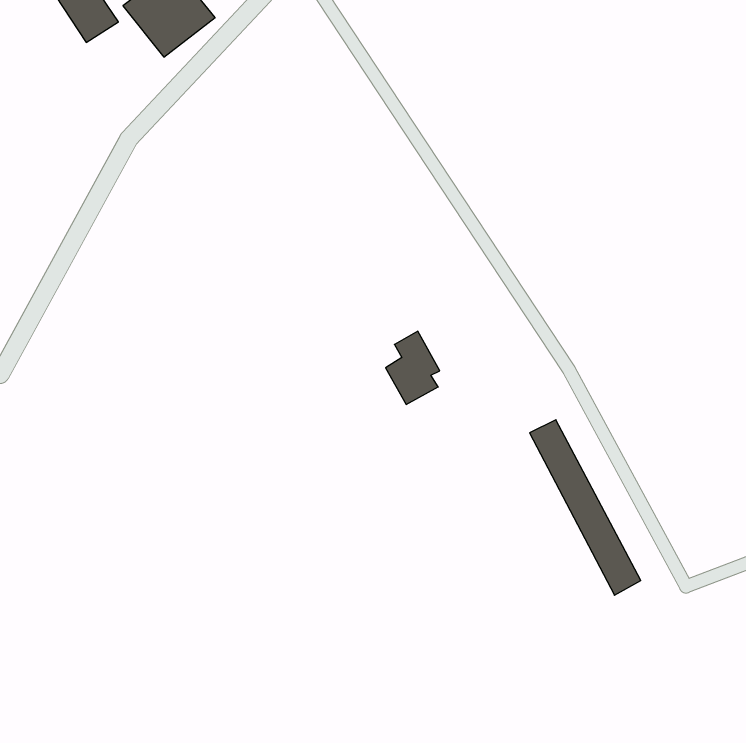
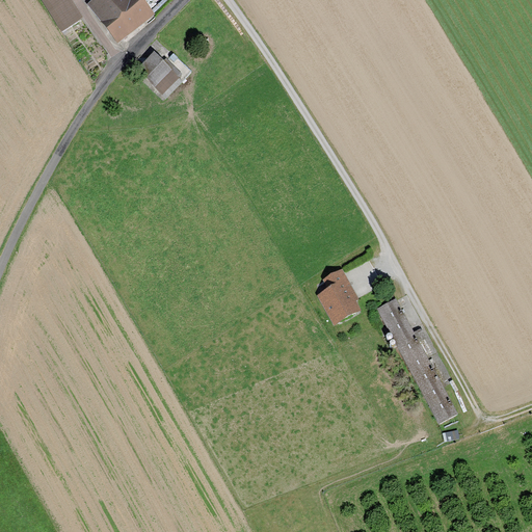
building: none -> [140,52,183,95]
building: [386,331,440,404] -> [318,270,356,322]

